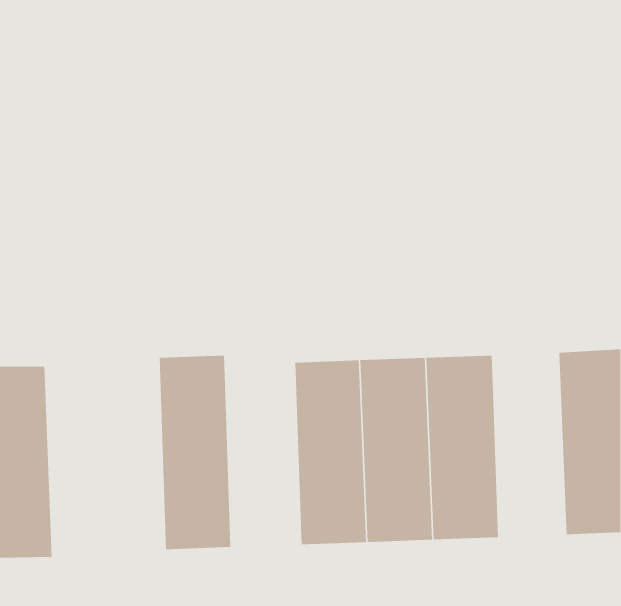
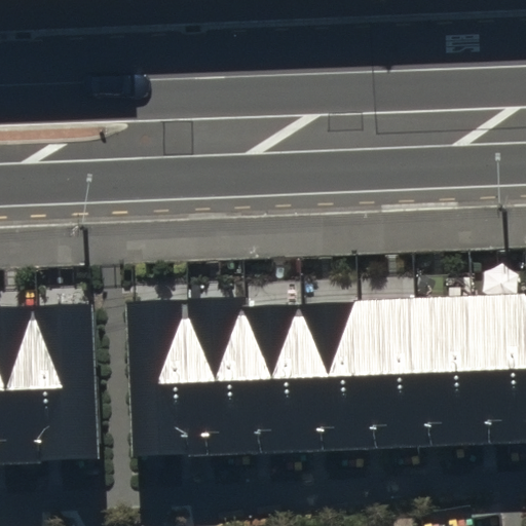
building: none -> [414,296,476,451]
building: none -> [189,297,253,459]
building: none -> [38,305,99,467]

